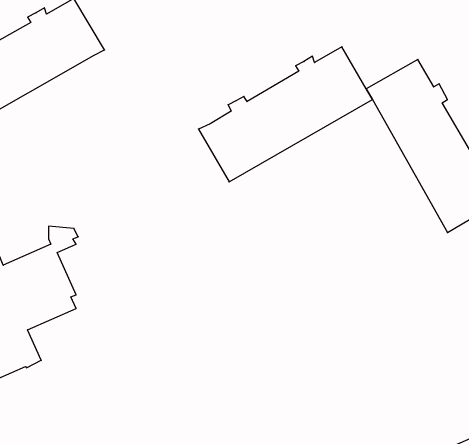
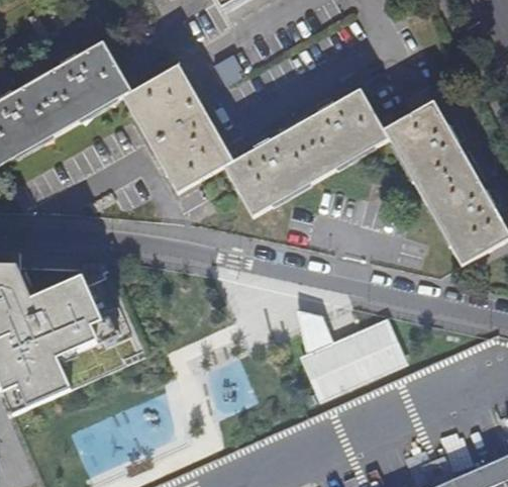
building: none -> [121,65,232,193]
building: none -> [298,309,405,398]

